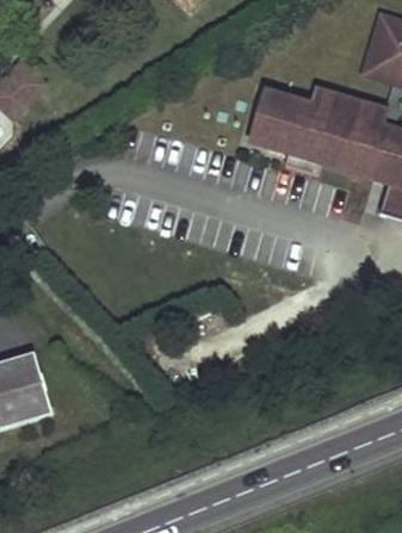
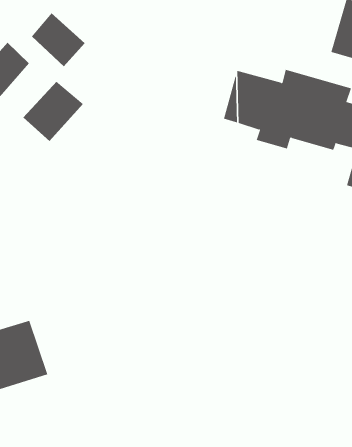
building: none -> [31,12,86,67]
building: none -> [22,81,84,142]

